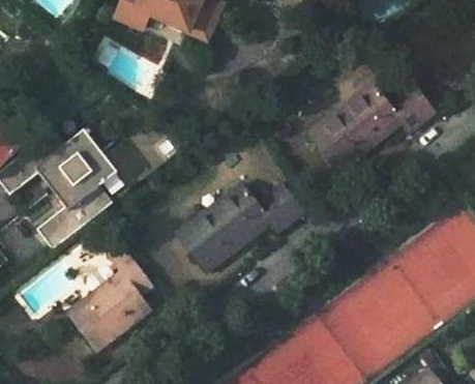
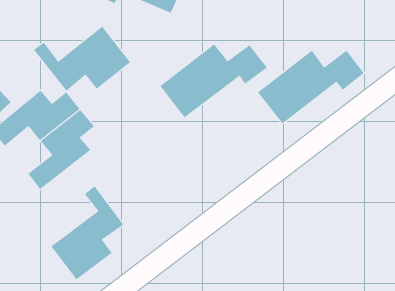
building: none -> [33,26,131,92]
building: [178,182,304,269] -> [159,44,268,118]

